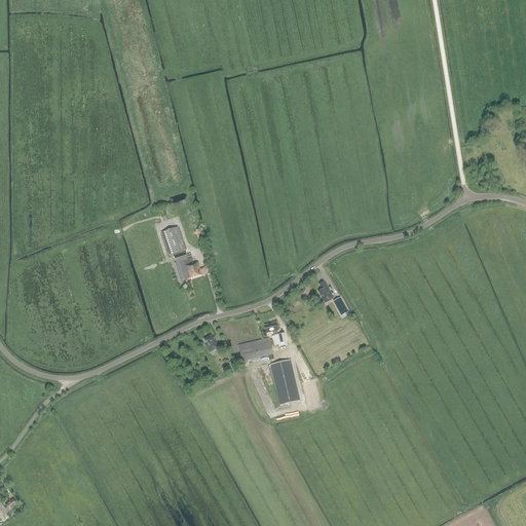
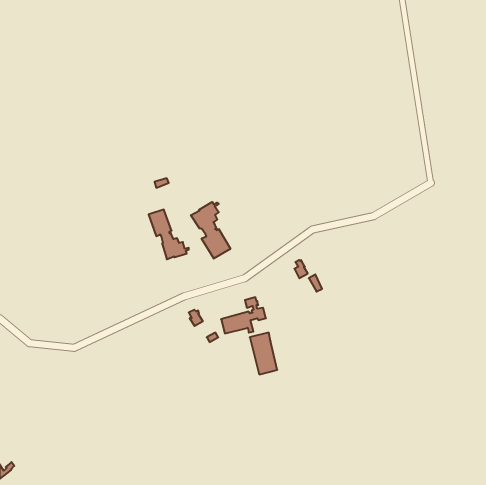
building: none -> [191,202,230,259]

